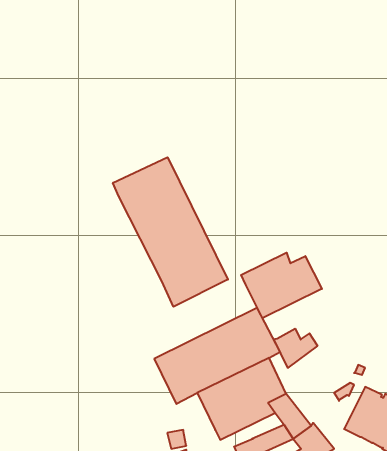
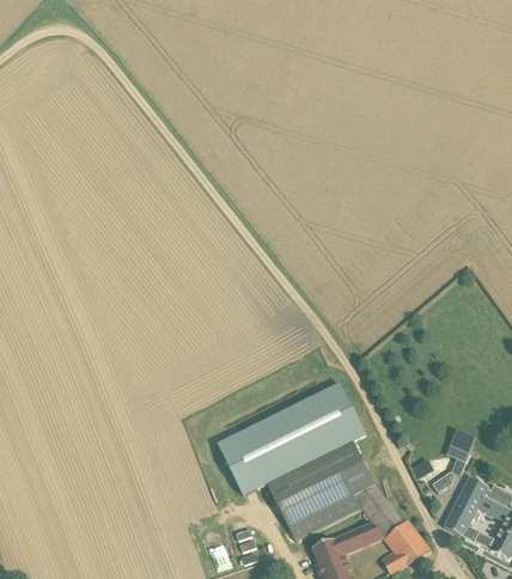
building: [113,157,228,307] -> none
building: [241,253,322,318] -> none
building: [274,329,317,368] -> none

